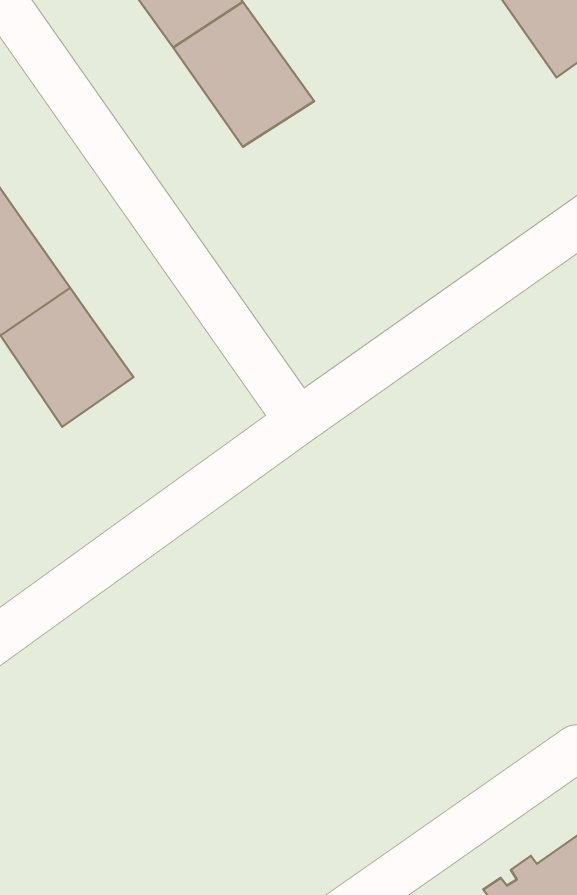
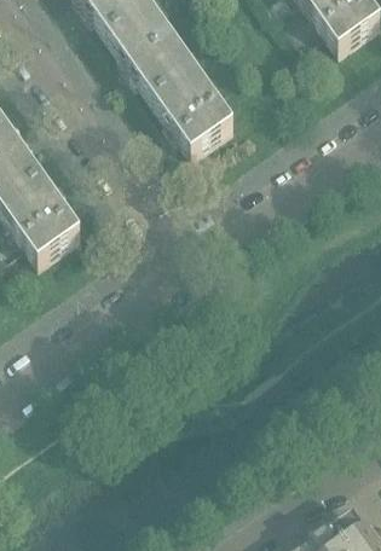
building: none -> [151,63,237,152]

